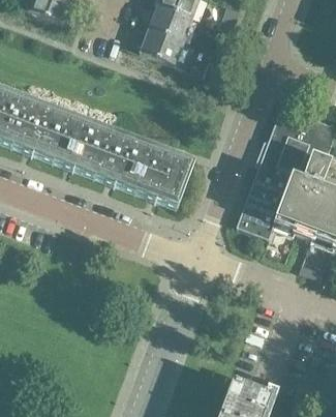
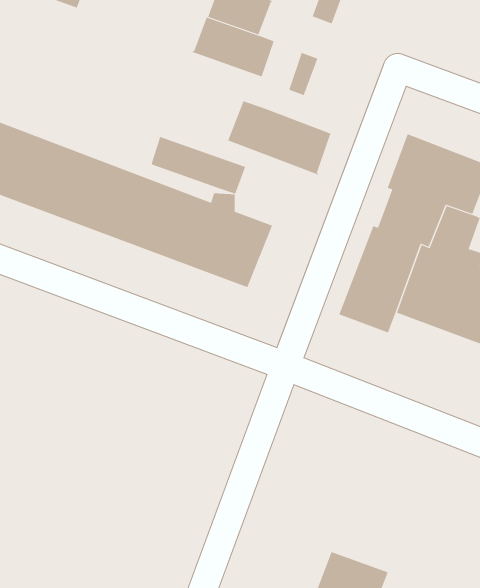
building: none -> [228,100,332,175]
building: none -> [150,136,246,194]

